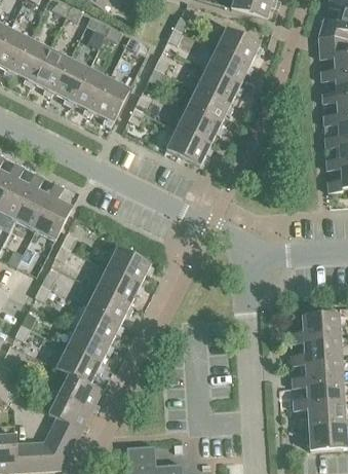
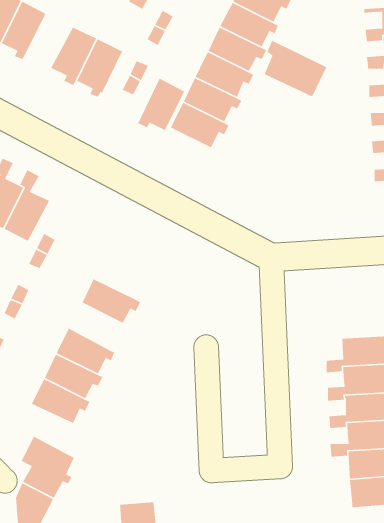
building: [52,58,89,105] -> none
building: none -> [263,40,328,97]
building: none -> [137,78,185,131]
building: [106,247,154,284] -> none
building: [86,287,133,324] -> none
building: [59,372,103,411] -> none

